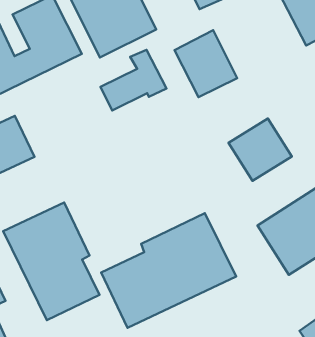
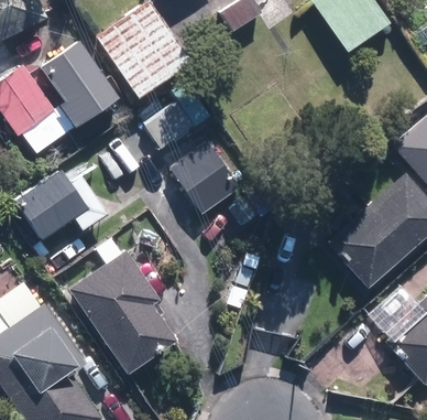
building: [174,30,237,97] -> [171,142,239,213]
building: [229,118,292,181] -> none
building: [101,213,236,328] -> none

